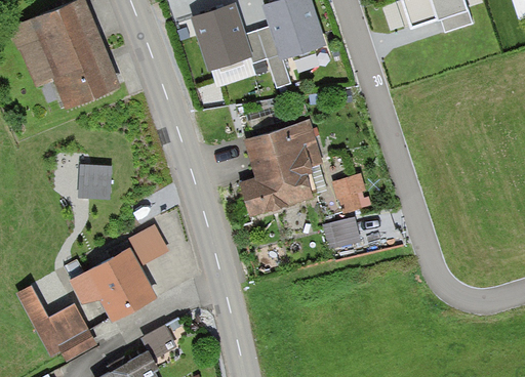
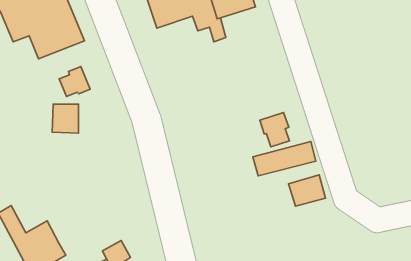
building: none -> [59,67,90,96]
building: [242,121,321,216] -> none
building: [69,226,167,323] -> none
building: none -> [289,175,325,206]

